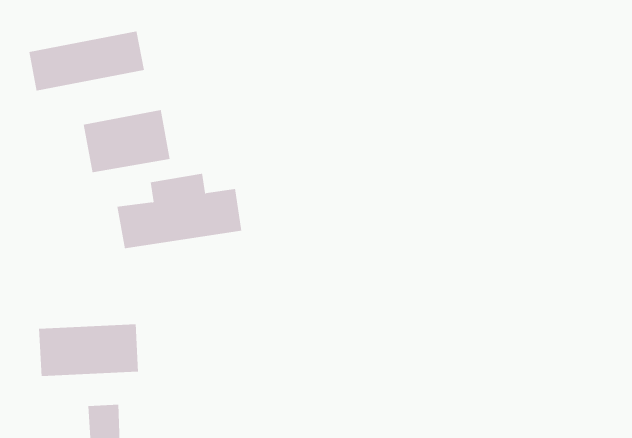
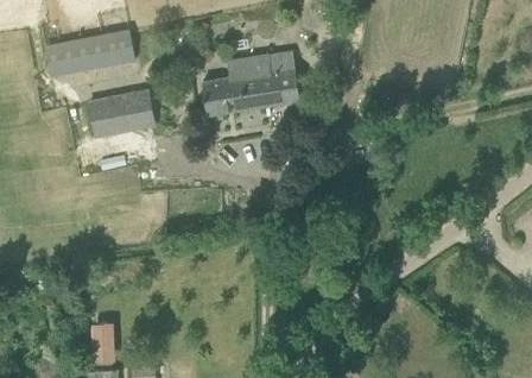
building: [116,173,242,249] -> [201,56,299,115]
building: [39,324,139,377] -> none

